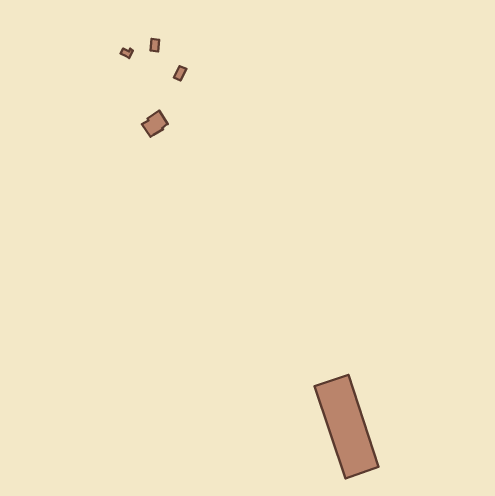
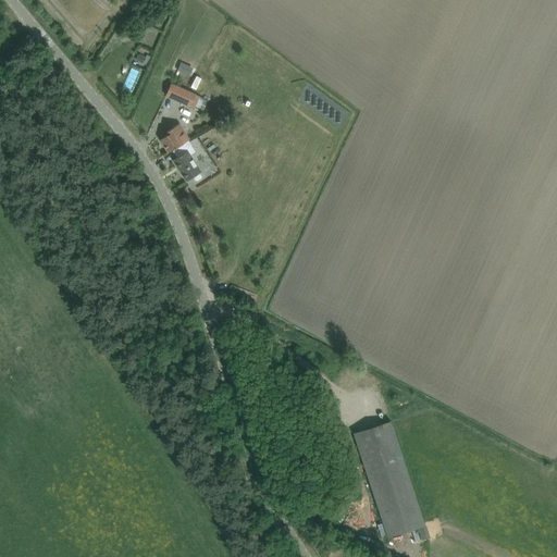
building: none -> [164,83,207,112]
building: none -> [172,139,201,181]

